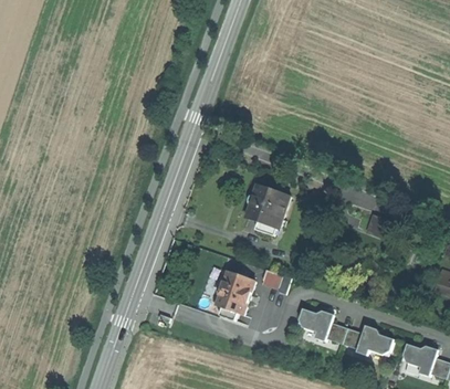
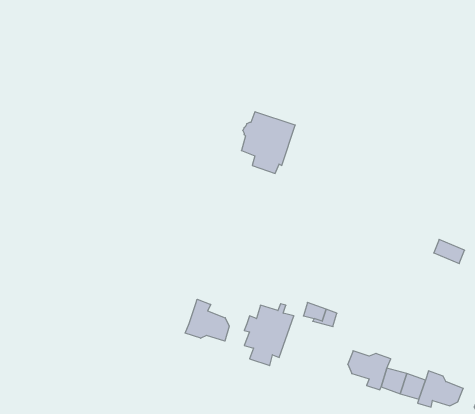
building: [245,185,290,235] -> [241,112,295,173]
building: none -> [185,299,229,341]

